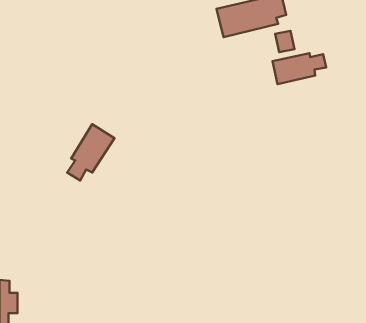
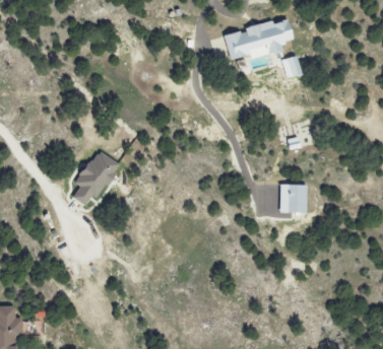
building: [272,53,326,84] -> none
building: none -> [278,185,307,213]

